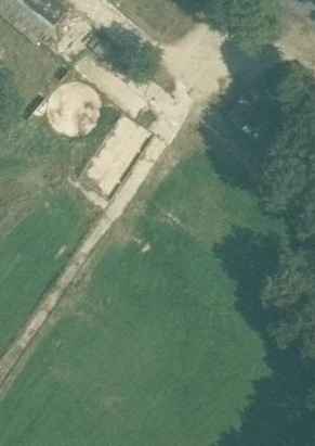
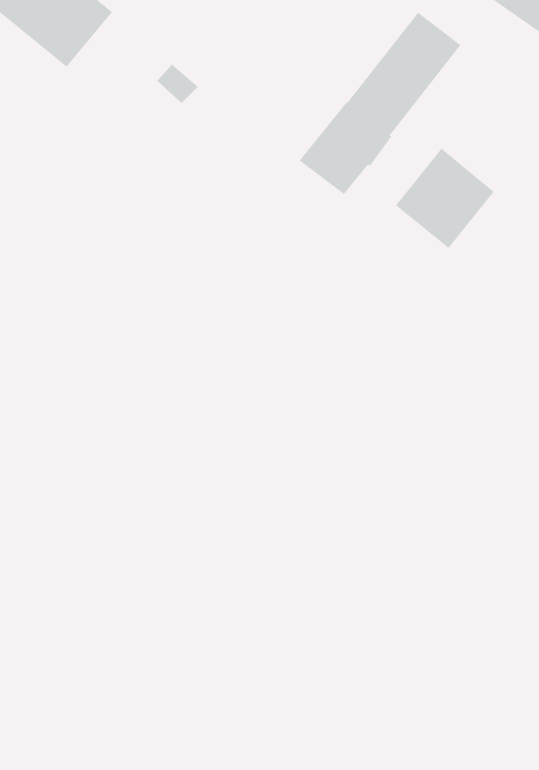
building: none -> [299,12,461,195]

